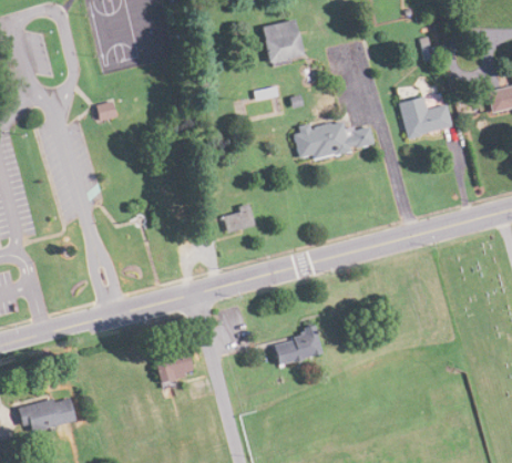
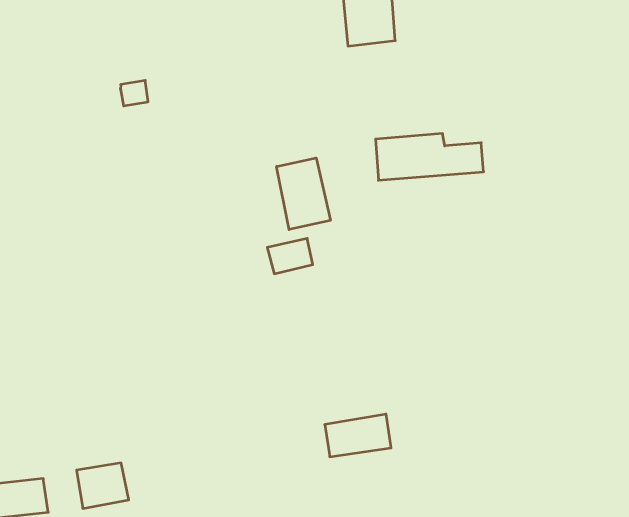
building: [398,97,452,140] -> none
building: none -> [277,158,330,230]
building: [153,349,193,384] -> [77,463,129,508]

